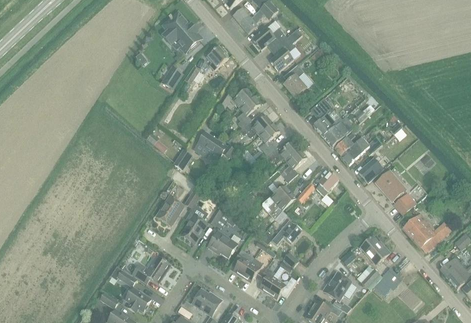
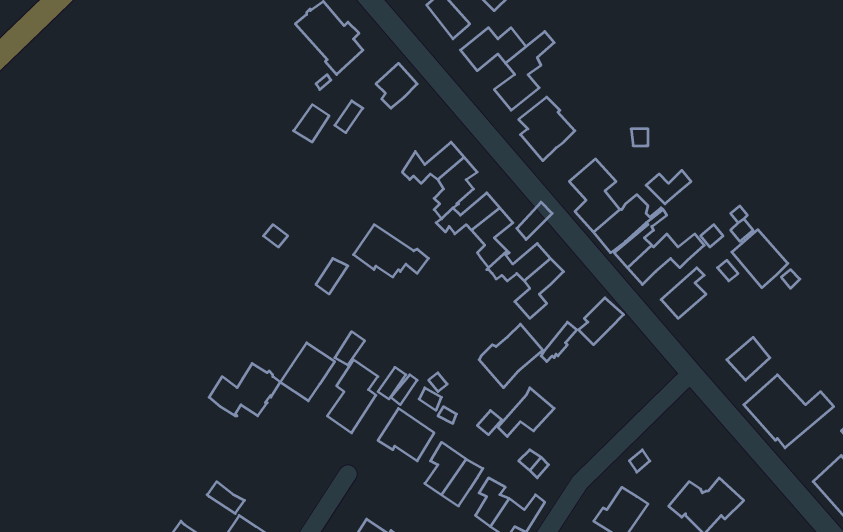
building: [375,170,405,201] -> [732,230,788,288]
building: [360,236,389,264] -> none
building: [132,255,170,283] -> [209,363,280,416]

